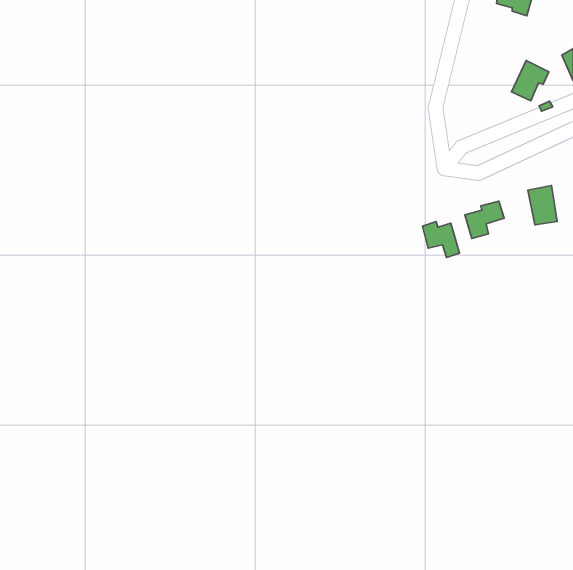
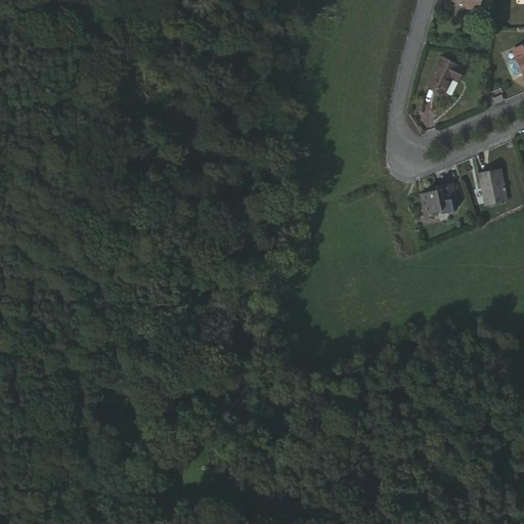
building: [512,60,549,101] -> [429,55,463,92]
building: [422,222,460,257] -> none

